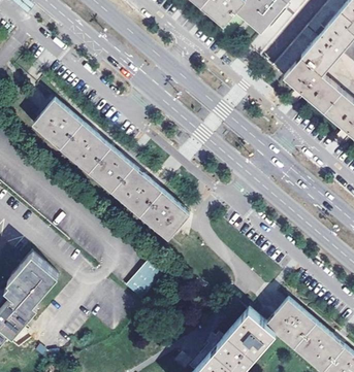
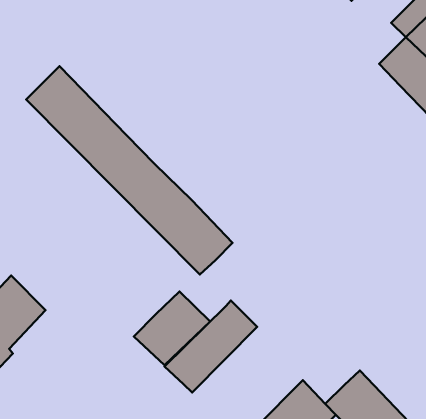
building: [272,47,301,77] -> none
building: none -> [165,300,257,393]

